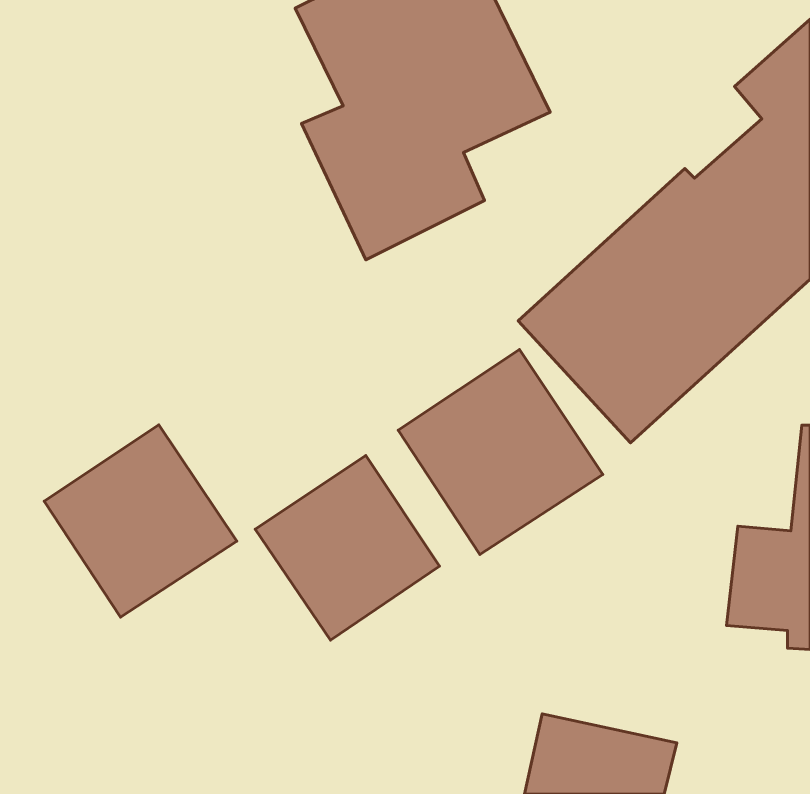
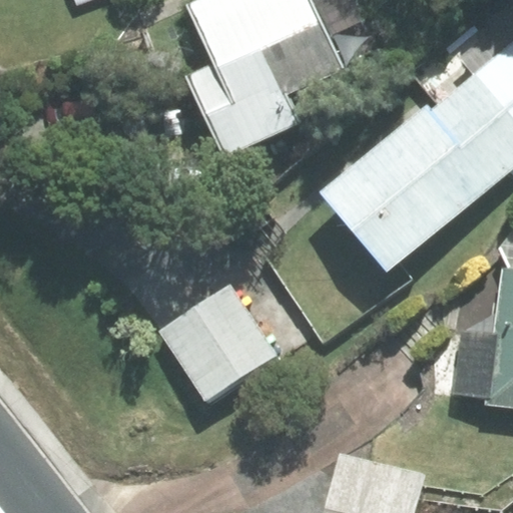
building: [398,349,603,554] -> none
building: [44,425,237,617] -> none

